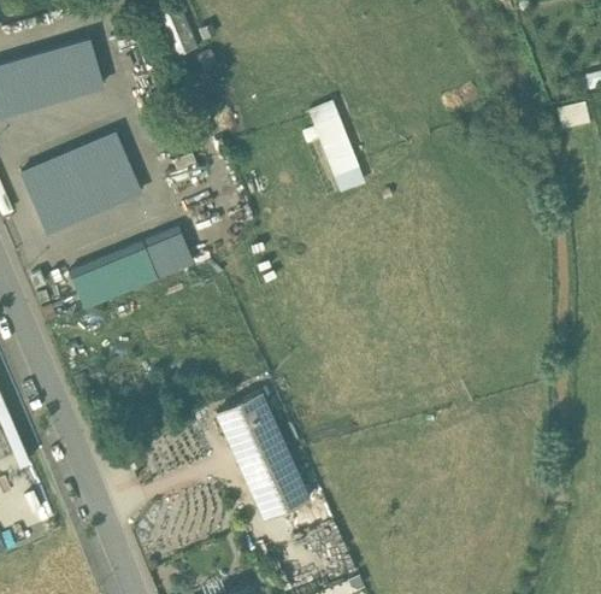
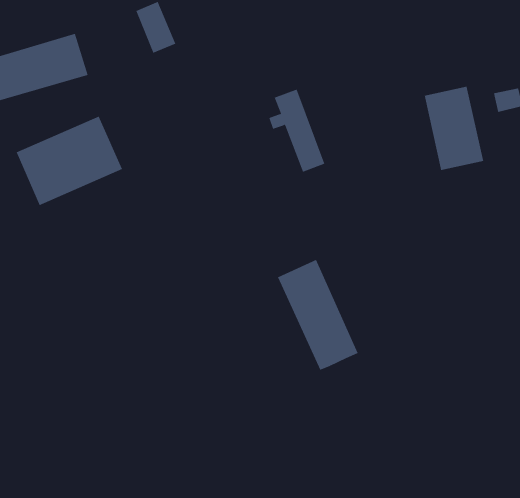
building: none -> [424,86,484,171]
building: [69,228,193,307] -> none
building: [217,394,308,519] -> [277,259,358,370]

